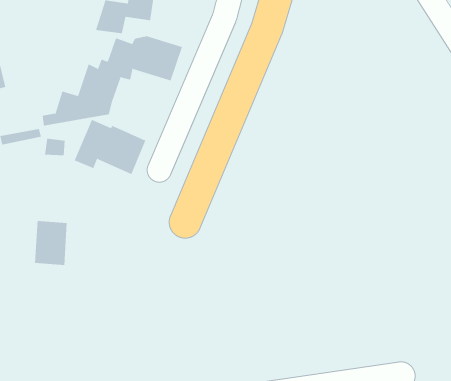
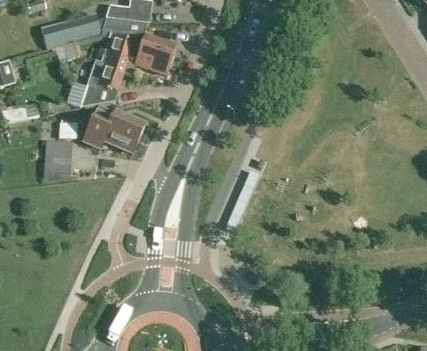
building: none -> [40,12,101,47]
building: [34,221,68,266] -> [43,139,71,177]

